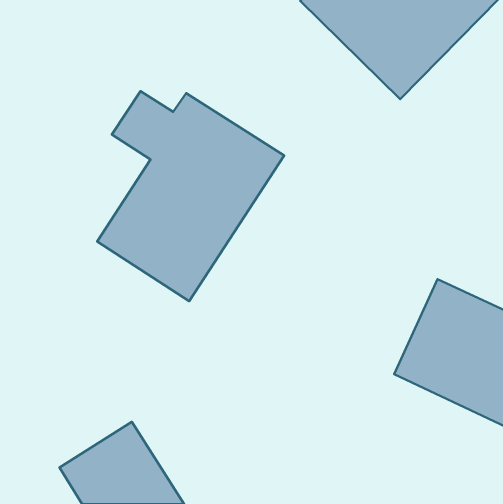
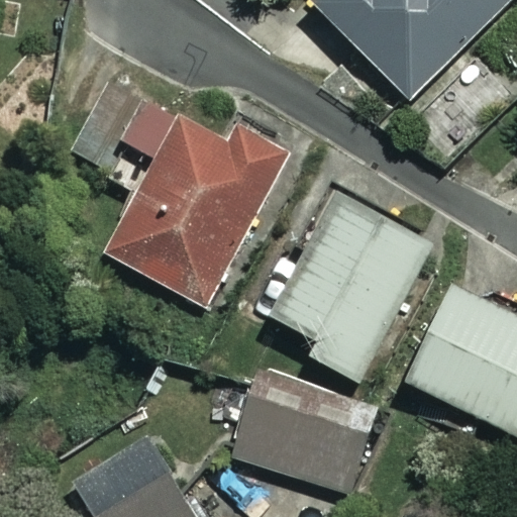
building: none -> [276,197,427,381]
building: none -> [233,398,370,494]

